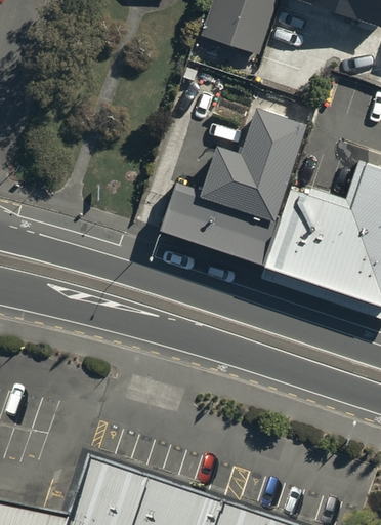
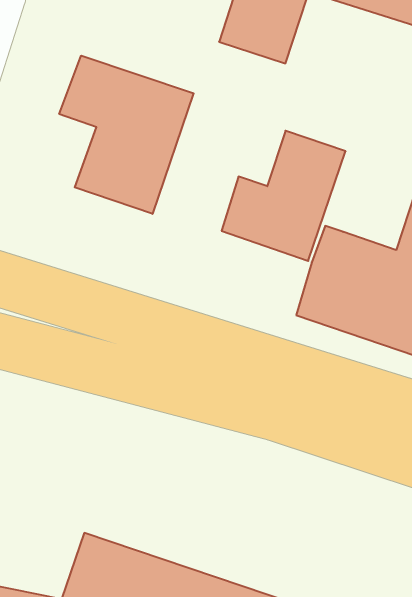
building: none -> [59,56,194,214]
building: [161,189,280,270] -> none

